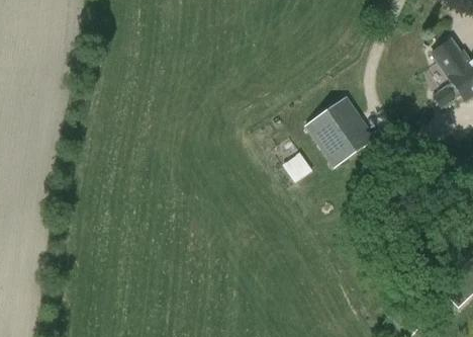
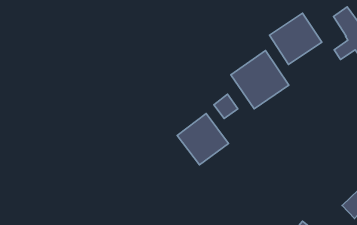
building: none -> [269,13,322,64]
building: none -> [177,113,228,165]

